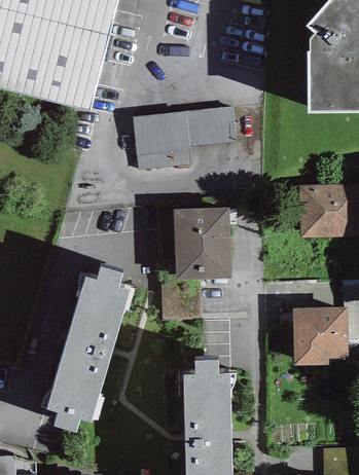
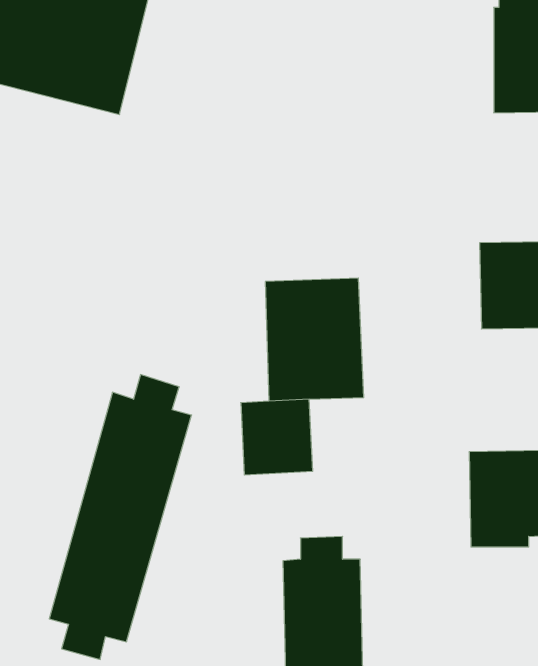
building: [143,114,245,173] -> none

